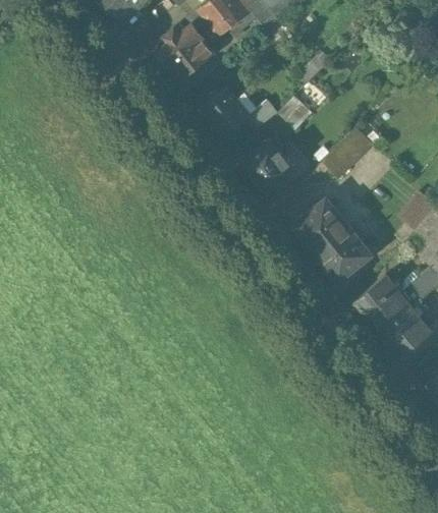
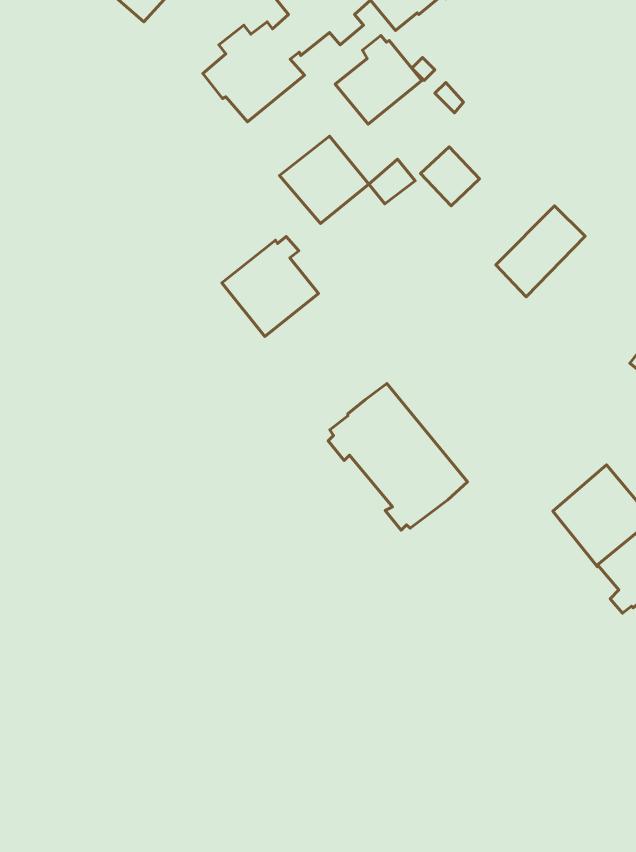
building: none -> [335,36,422,124]
building: [241,135,296,192] -> [222,236,318,337]
building: [293,197,373,281] -> [328,384,467,530]

